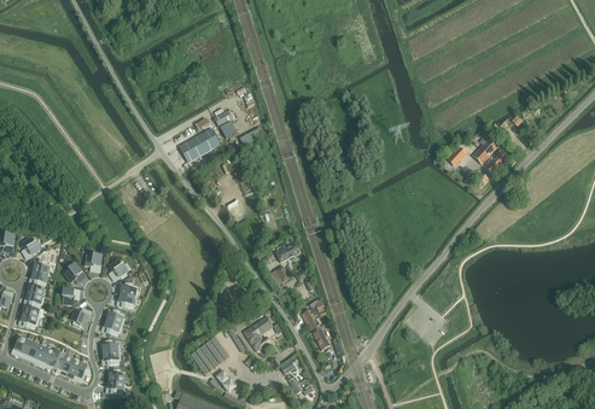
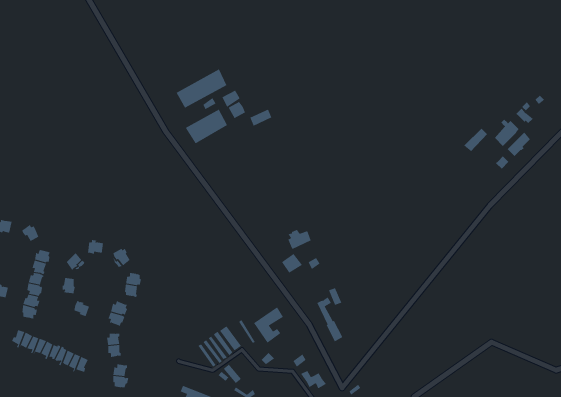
building: none -> [176,69,227,108]

